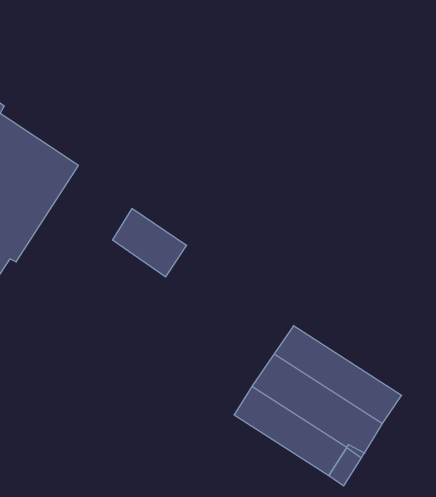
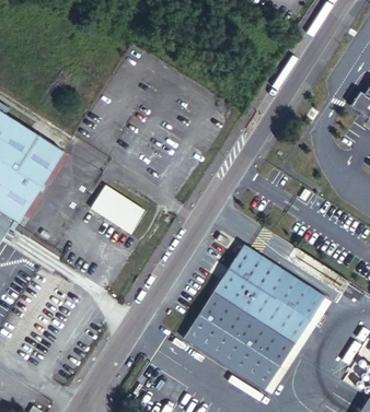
building: none -> [227,246,323,323]

